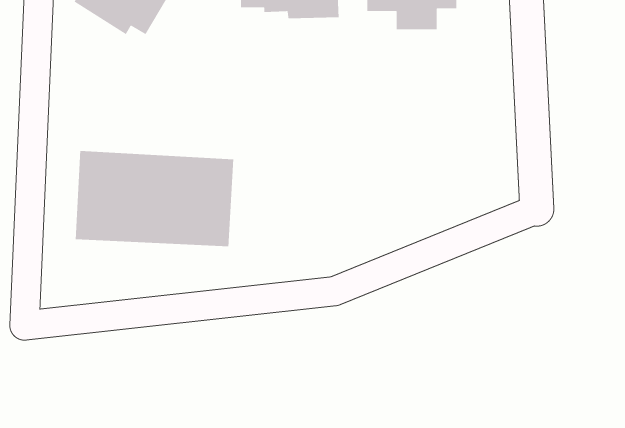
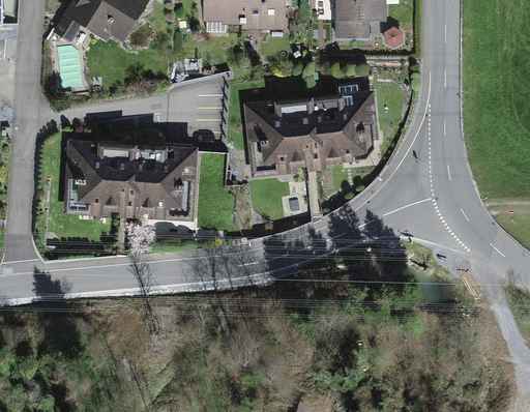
building: none -> [245,89,378,175]

